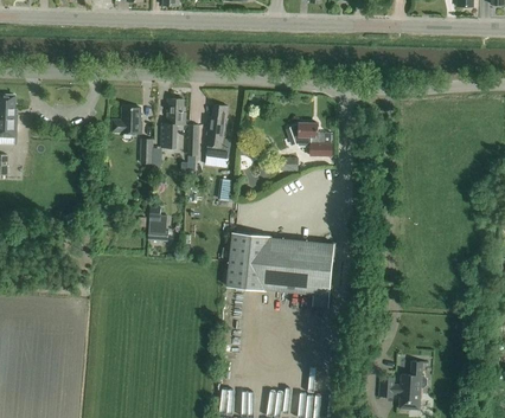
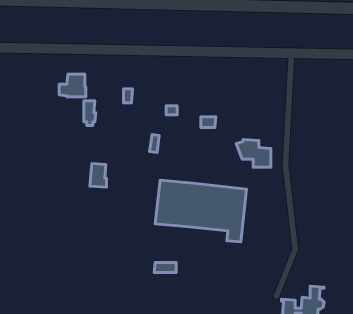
building: [160,98,186,147] -> none
building: [205,104,230,157] -> none
building: [290,122,332,155] -> [236,139,271,167]

